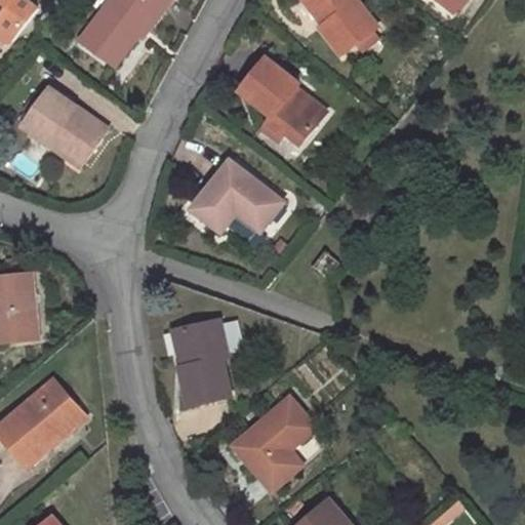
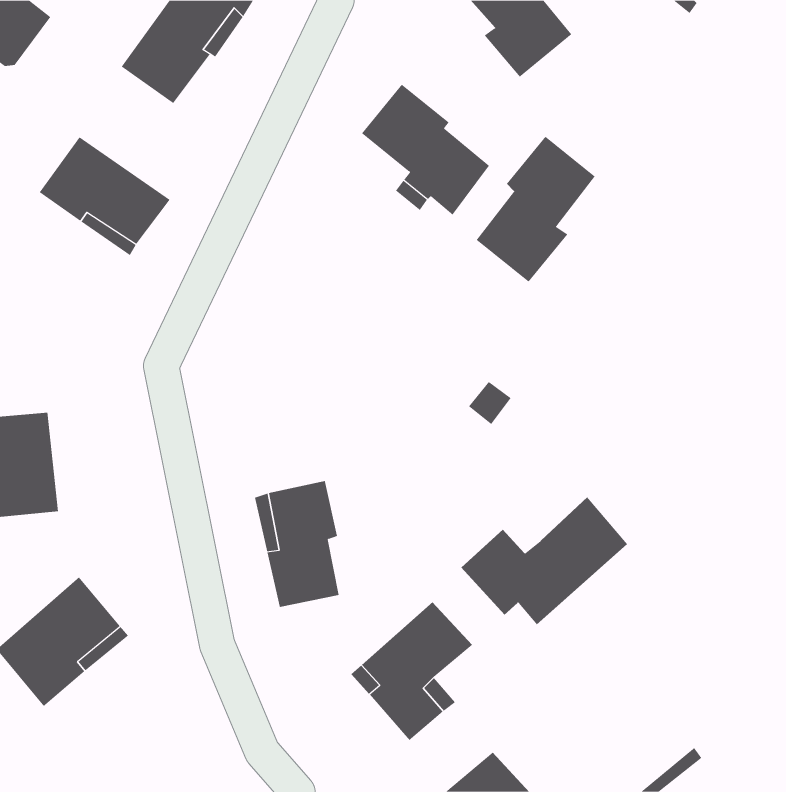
building: none -> [476,136,595,282]
building: [193,159,284,231] -> none
building: none -> [461,496,628,625]

